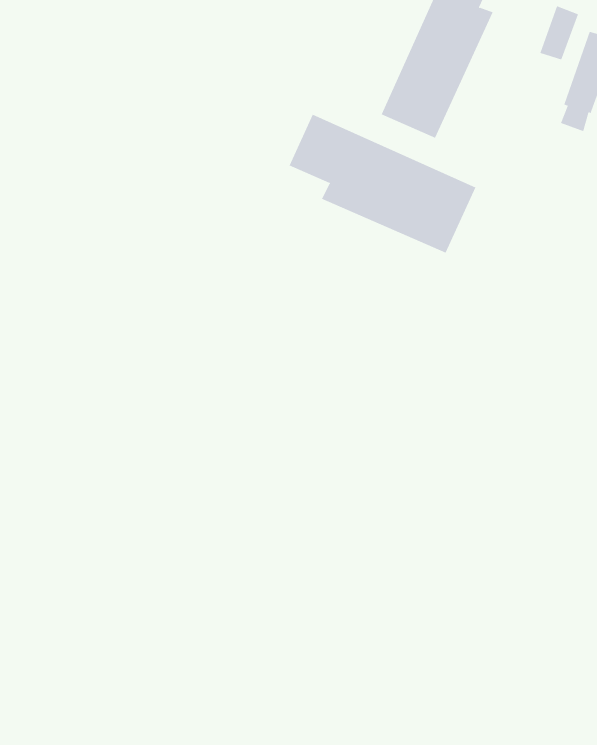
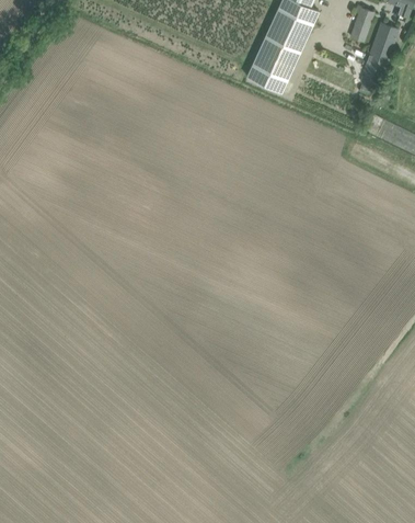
building: [289,114,476,254] -> none

